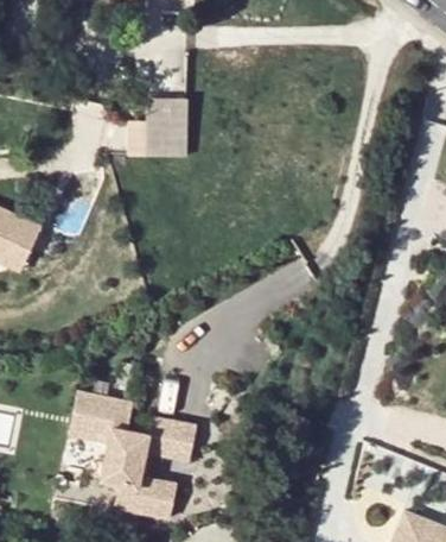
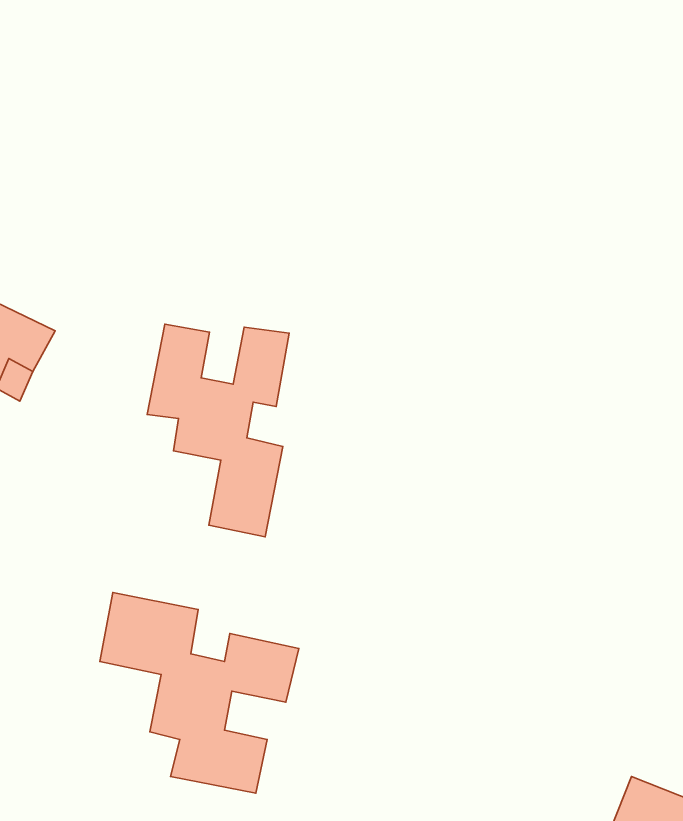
building: [147,99,186,157] -> none
building: none -> [147,324,289,537]

